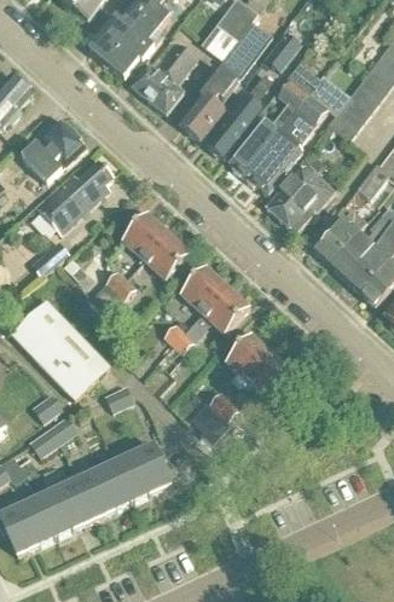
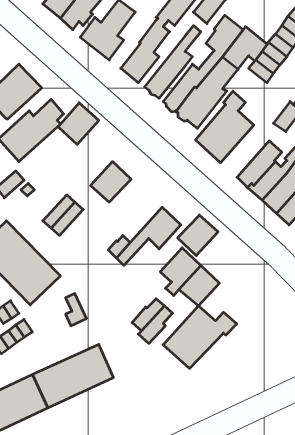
building: [122,212,169,260] -> [58,103,99,144]
building: [180,266,227,313] -> [178,215,218,256]
building: none -> [163,306,237,368]

